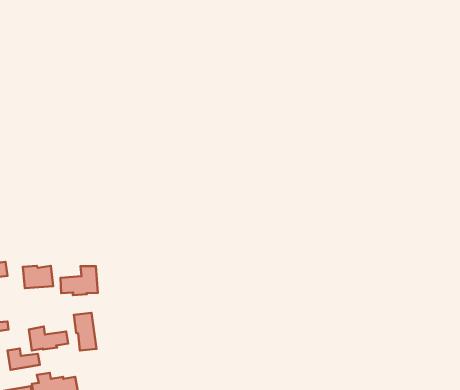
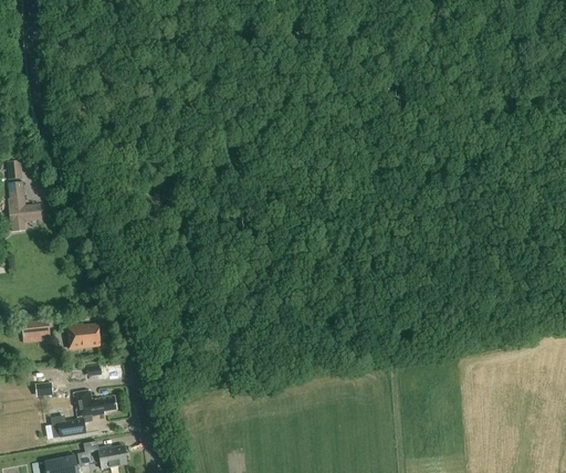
building: [60,266,98,295] -> none
building: [74,313,97,351] -> none

